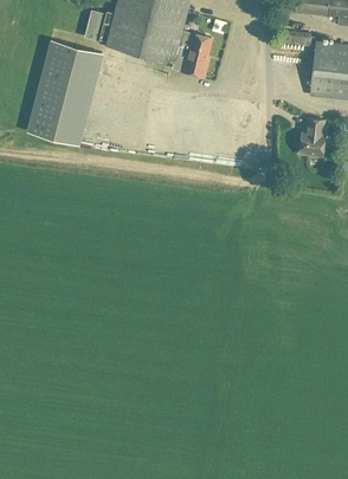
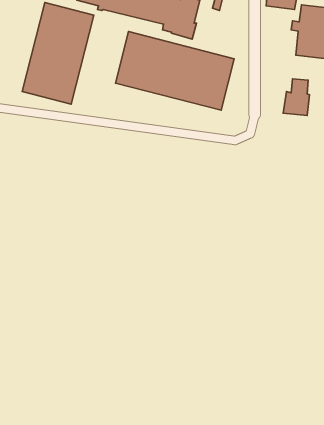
building: none -> [115,32,234,110]

